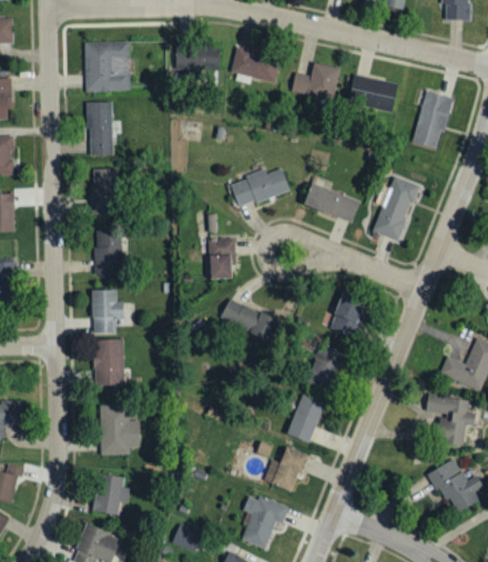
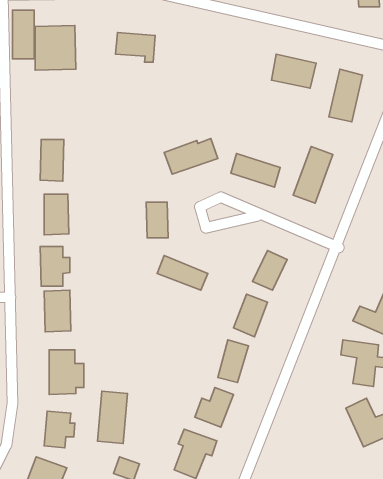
building: [231,50,281,84] -> none
building: [292,63,339,100] -> none
building: [89,102,113,156] -> [12,10,34,59]
building: none -> [97,391,128,443]

